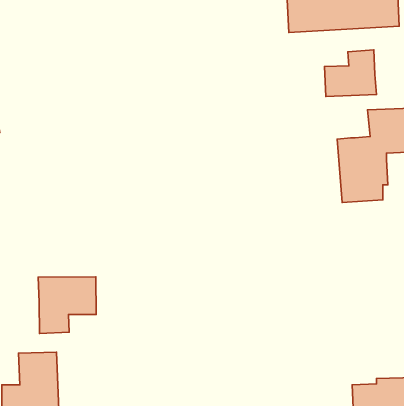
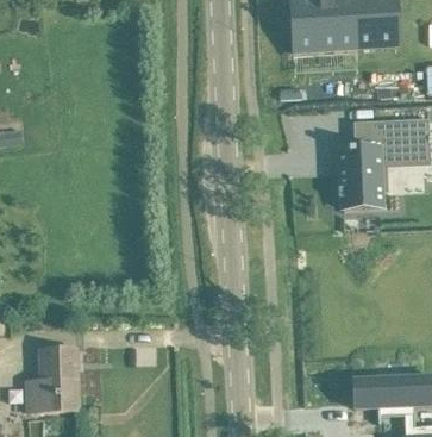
building: [325,50,377,96] -> none
building: [38,277,96,333] -> none

